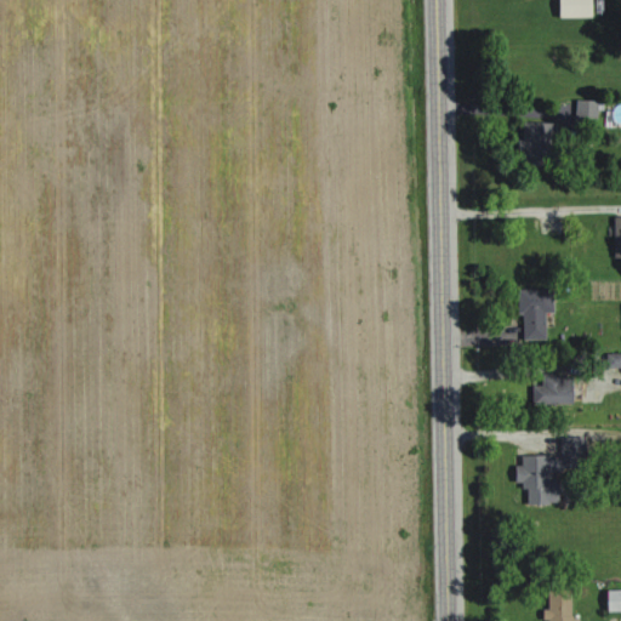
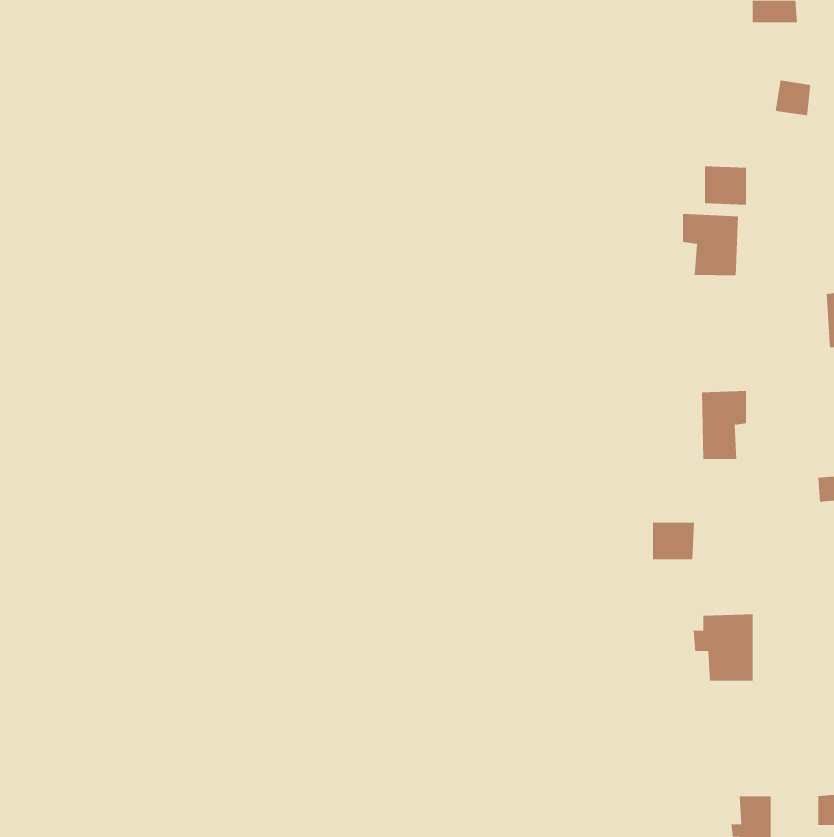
building: [575,99,602,126] -> [775,80,811,116]
building: none -> [682,213,739,276]
building: [543,376,575,404] -> [652,522,695,560]

